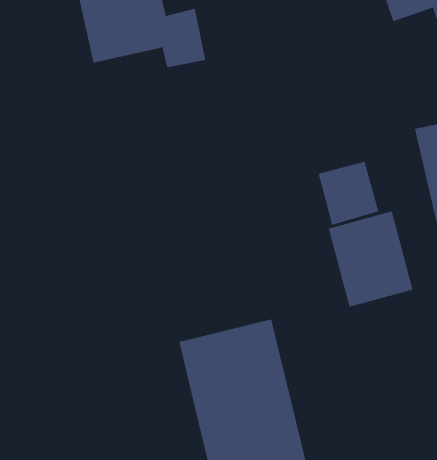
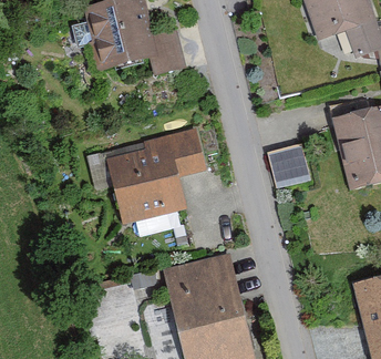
building: none -> [110,129,205,223]
building: [328,211,413,308] -> none

